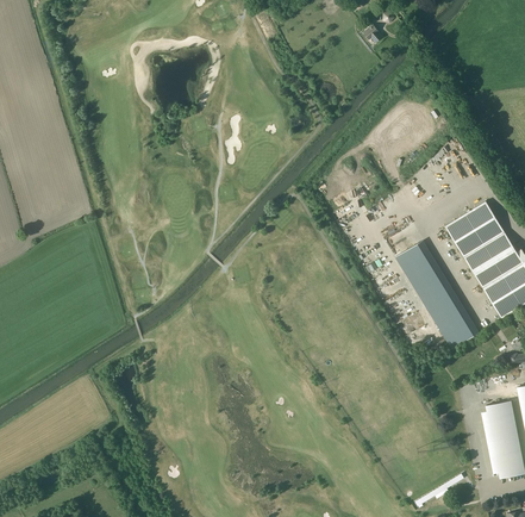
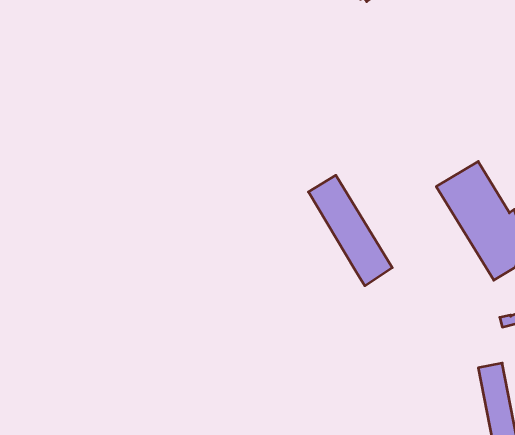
building: [395,241,479,350] -> [308,175,392,286]

